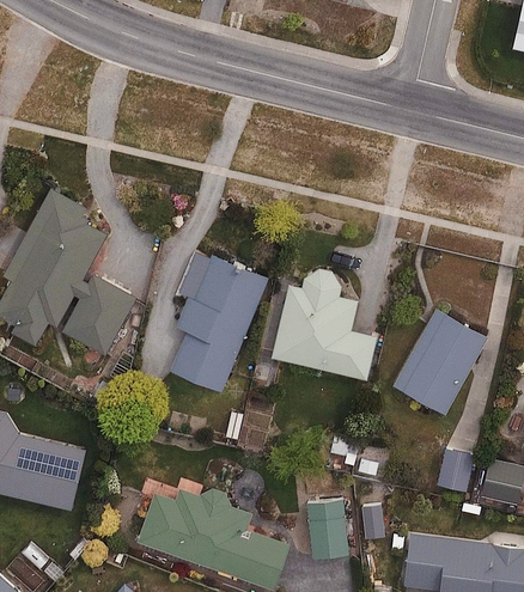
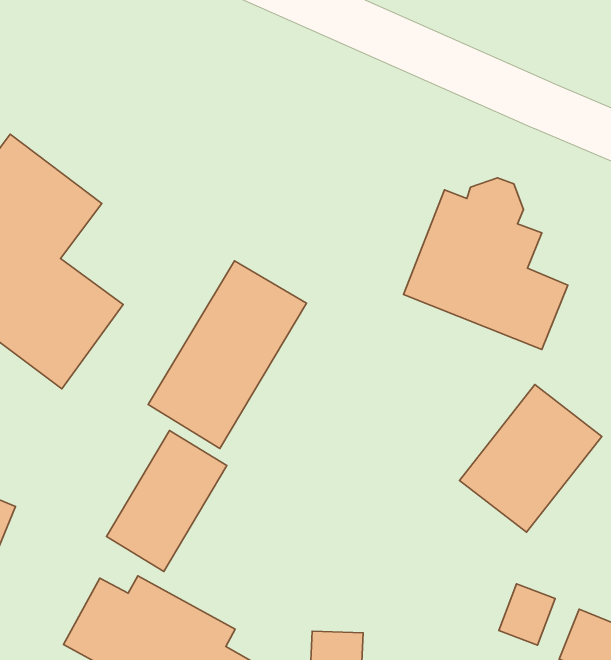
building: [269,269,383,384] -> [404,178,568,349]
building: none -> [106,431,227,571]

